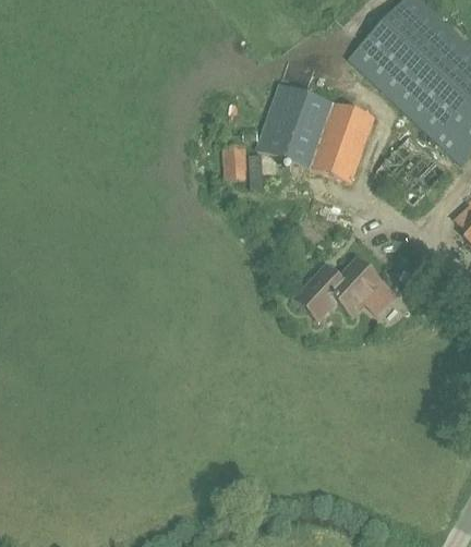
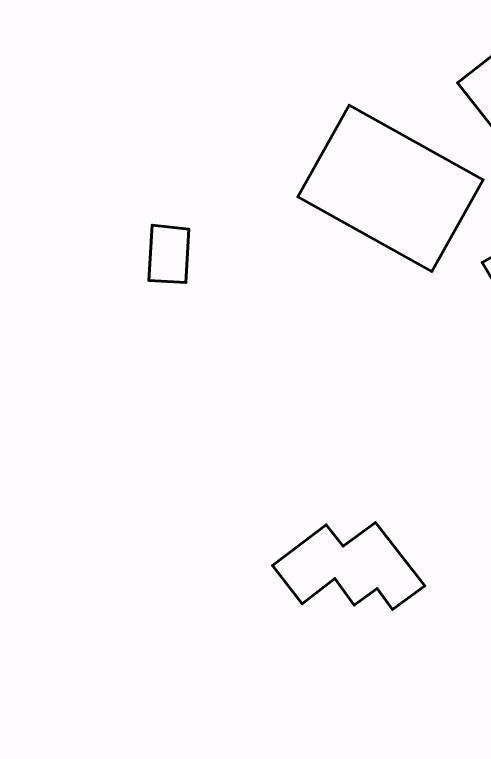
building: [221,143,249,180] -> [149,225,189,283]
building: [294,258,395,318] -> [272,522,425,609]

